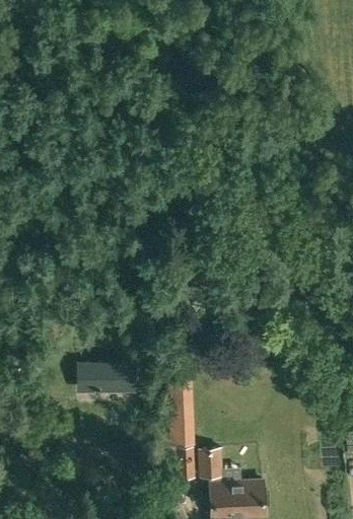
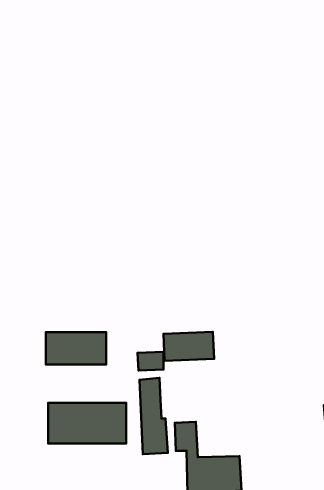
building: none -> [164,332,214,361]
building: none -> [48,403,126,443]

